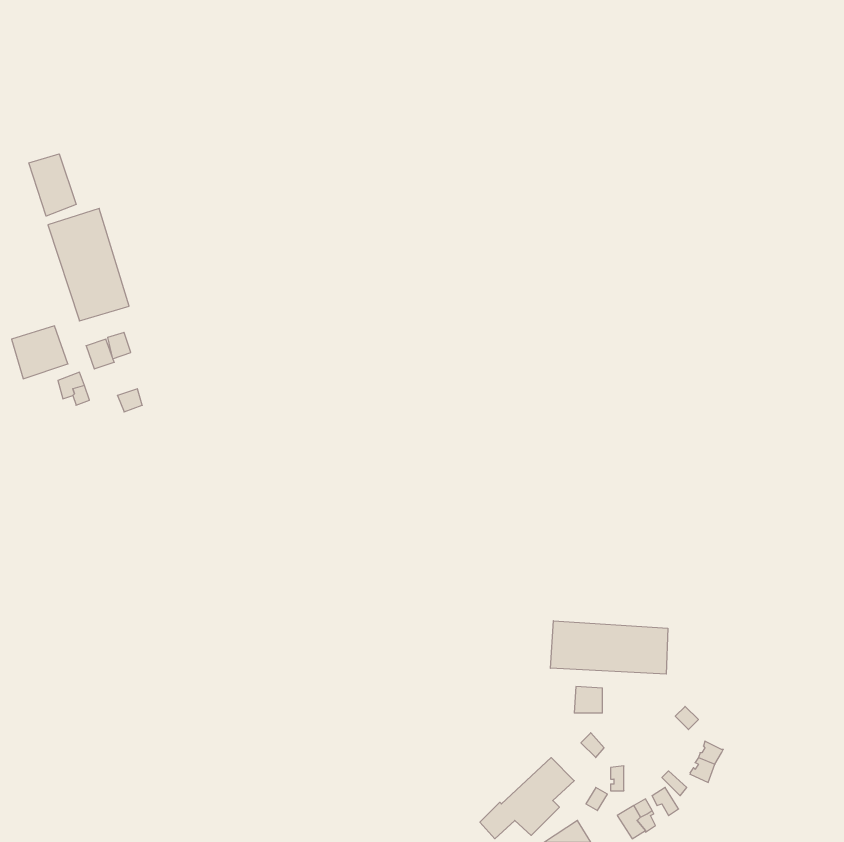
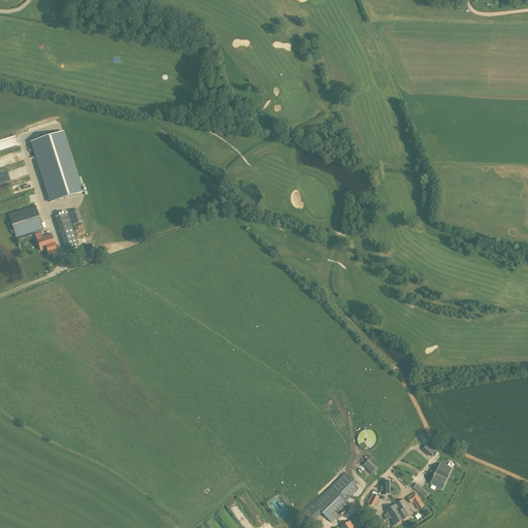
building: [29,154,76,216] -> none
building: [550,621,668,674] -> none

